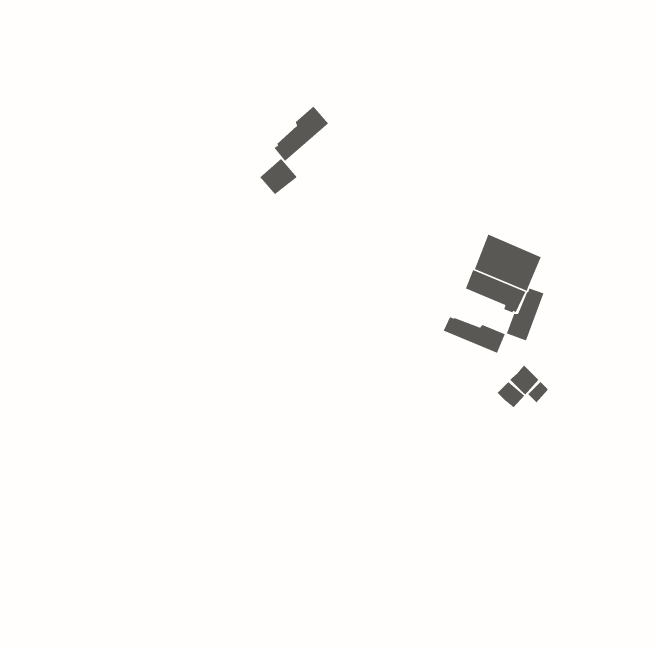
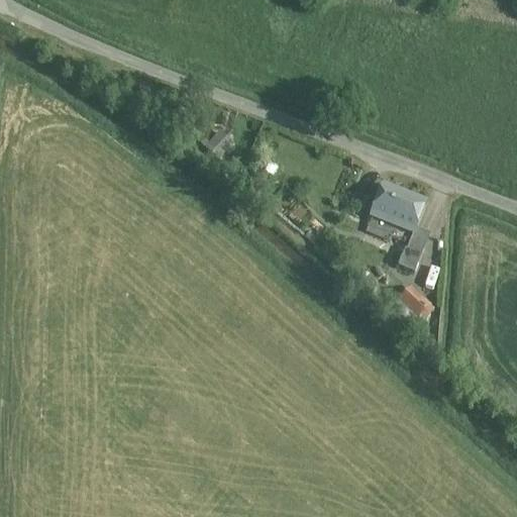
building: [273,106,329,162] -> none
building: [443,316,506,354] -> none

